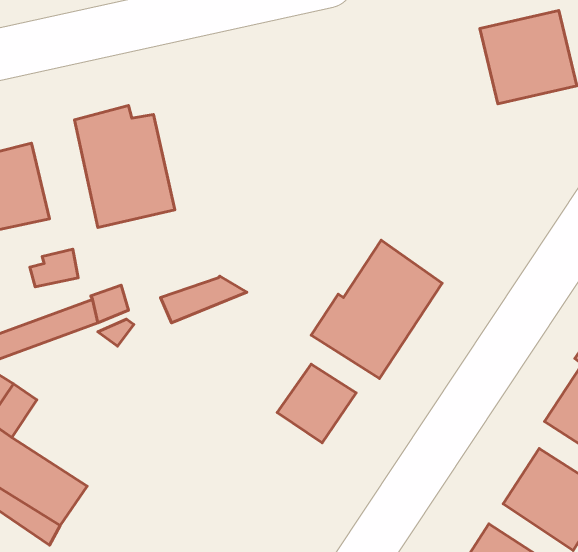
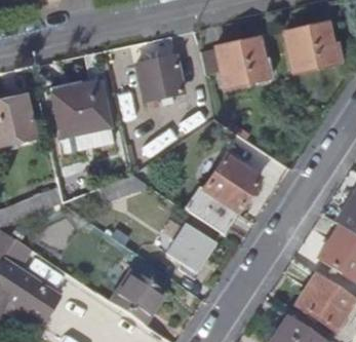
building: none -> [220,36,267,85]
building: none -> [136,55,184,99]
building: none -> [112,266,167,321]

